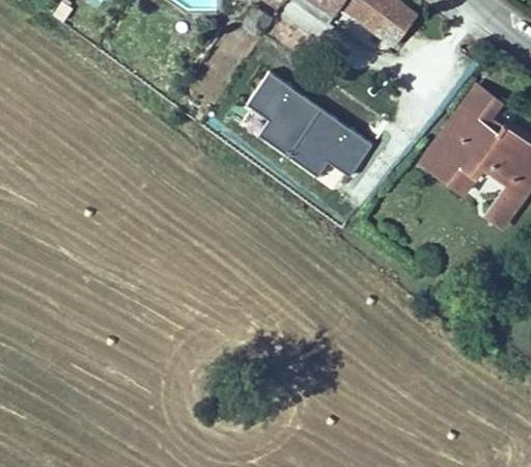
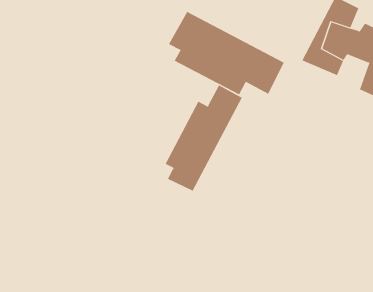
building: none -> [165,84,242,192]

